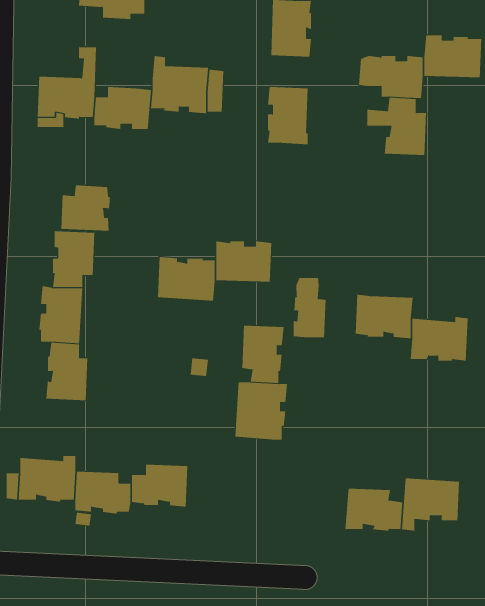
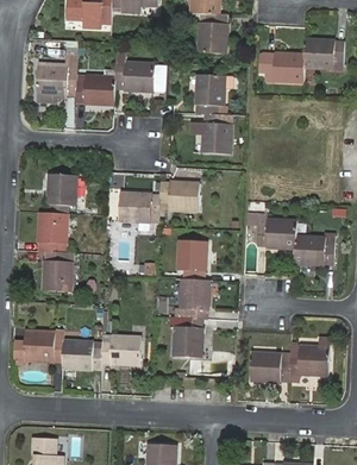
building: [367,97,427,155] -> [189,113,231,153]
building: [61,184,111,231] -> none
building: [293,277,326,338] -> none
building: none -> [171,316,202,357]

